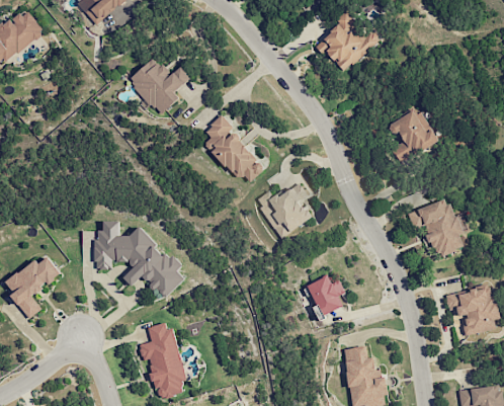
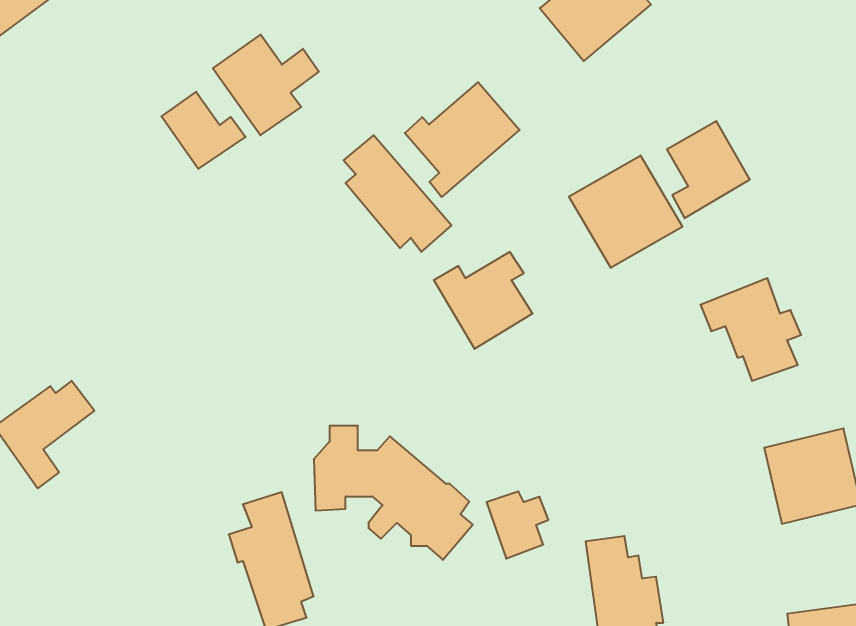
building: none -> [405,82,520,197]
building: none -> [161,92,246,169]
building: none -> [569,155,682,268]
building: [93,221,184,298] -> [314,426,473,560]
building: [309,276,344,315] -> [487,491,548,559]

